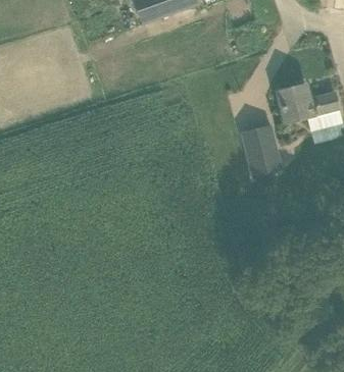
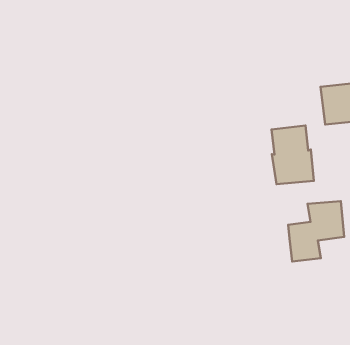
building: none -> [288,201,344,262]

